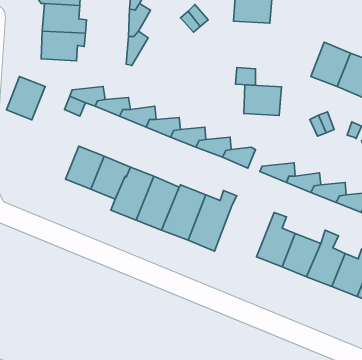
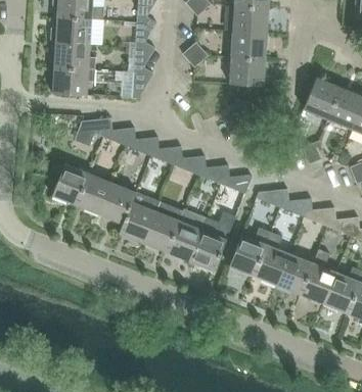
building: [6,77,45,120] -> [52,163,88,203]
building: [244,85,281,116] -> [230,57,265,86]
building: none -> [226,229,269,277]

